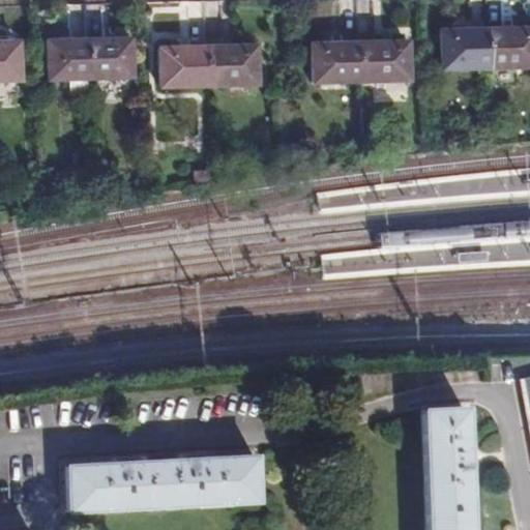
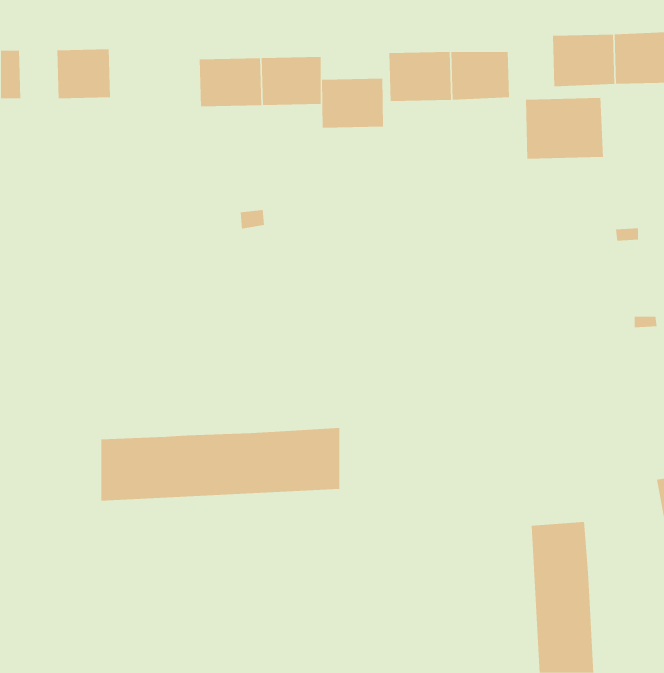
building: [93,37,137,77] -> none
building: none -> [321,78,384,128]
building: none -> [526,97,604,160]
building: [70,458,259,516] -> [100,427,340,501]

